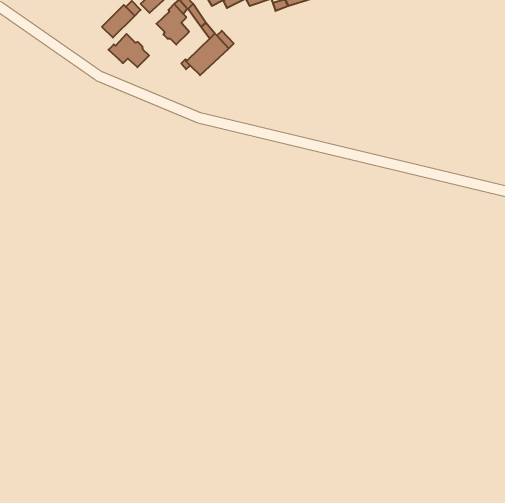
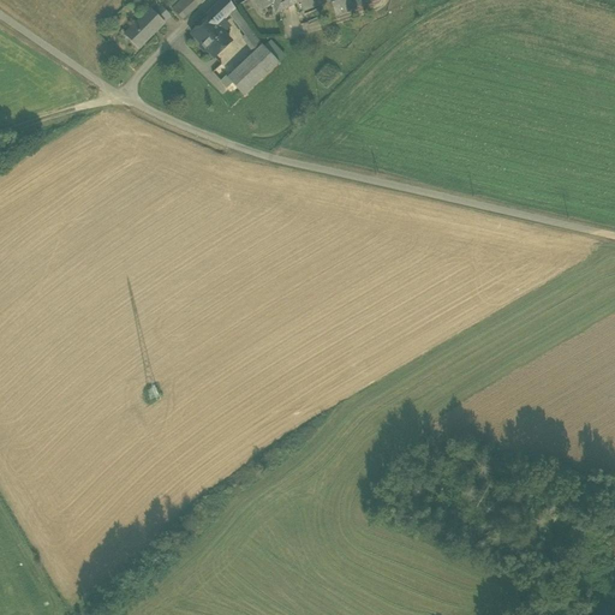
building: [108,34,149,67] -> none

